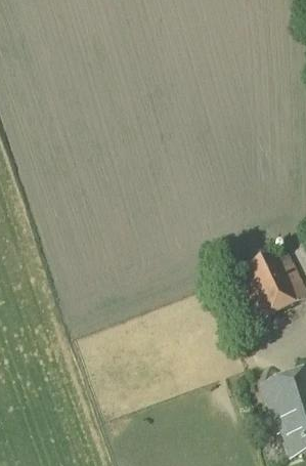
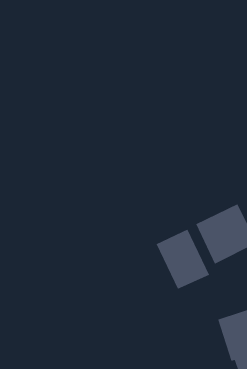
building: none -> [156,228,210,290]

